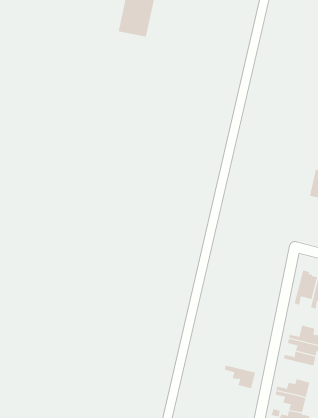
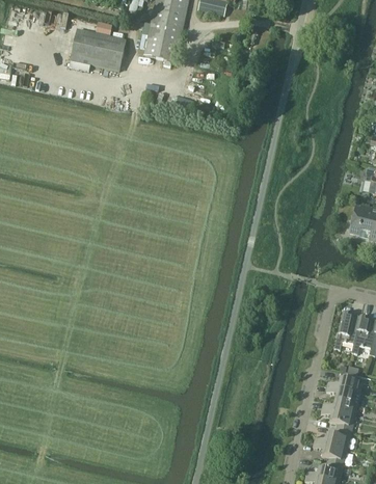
building: none -> [71,28,126,69]
building: [224,365,256,389] -> [322,406,356,432]

